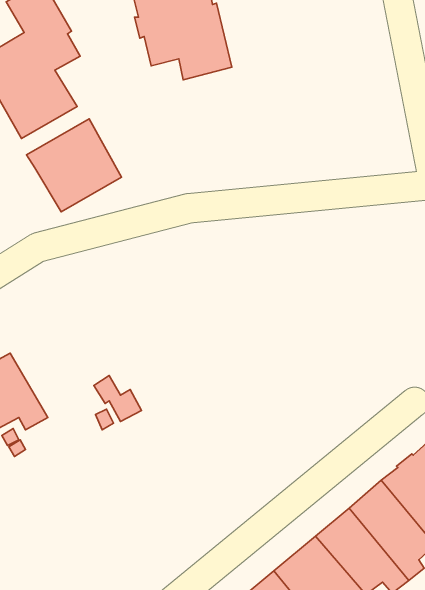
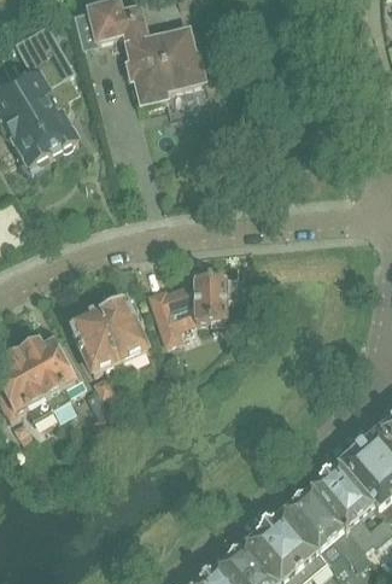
building: [27,119,121,212] -> none
building: none -> [147,276,235,341]
building: none -> [69,296,156,372]
building: none -> [18,335,84,408]

